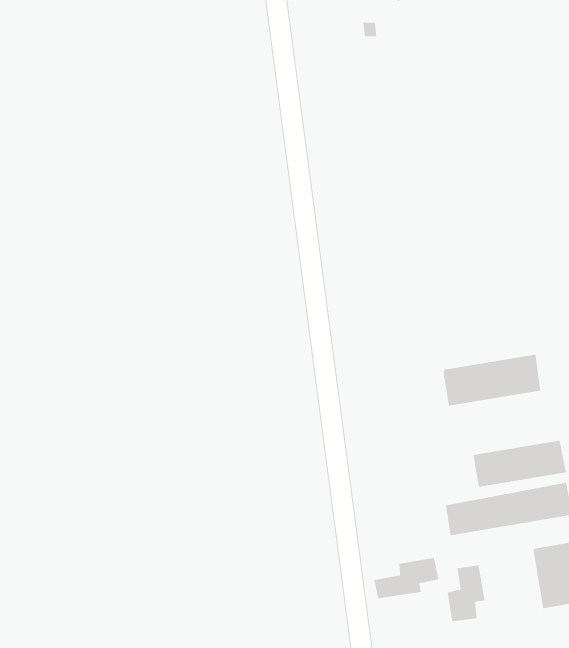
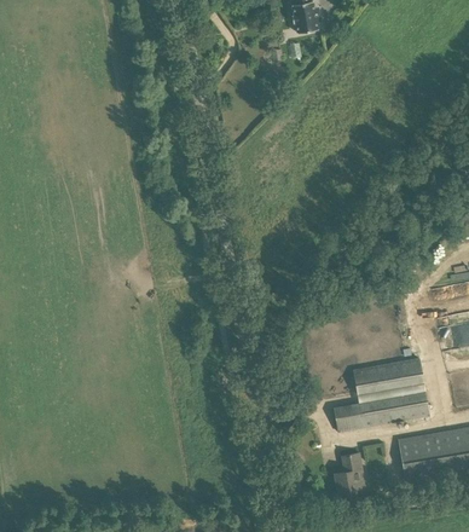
building: [443,354,541,406] -> none
building: [374,557,439,599] -> none

